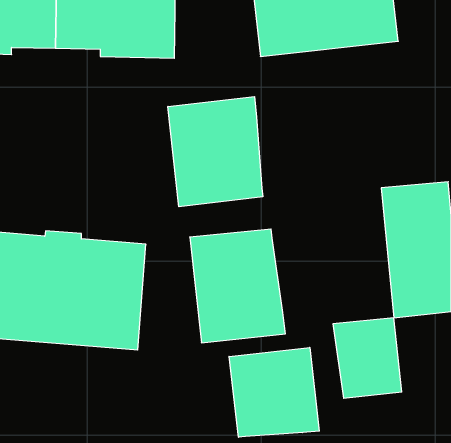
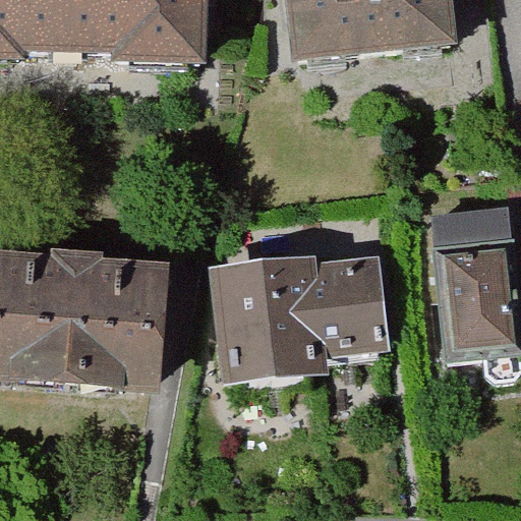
building: [168,97,263,207] -> none
building: [333,318,402,398] -> [309,264,388,355]
building: [229,347,319,437] -> none

